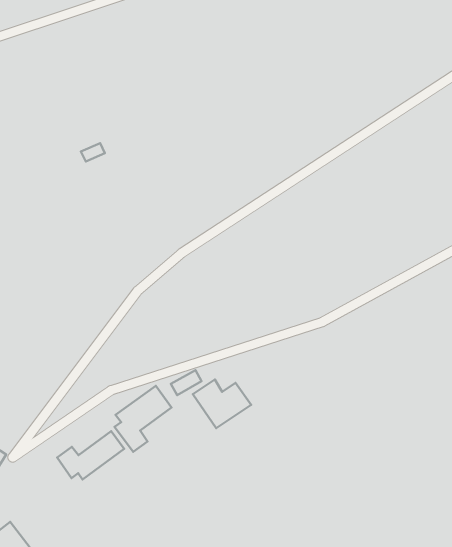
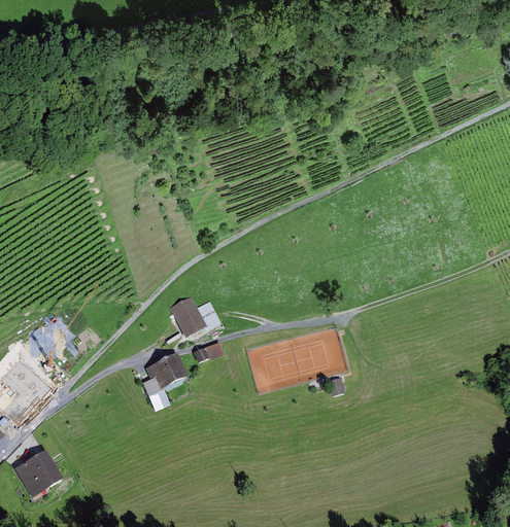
building: [193,380,251,428] -> [170,295,219,338]
building: [57,431,124,479] -> none

